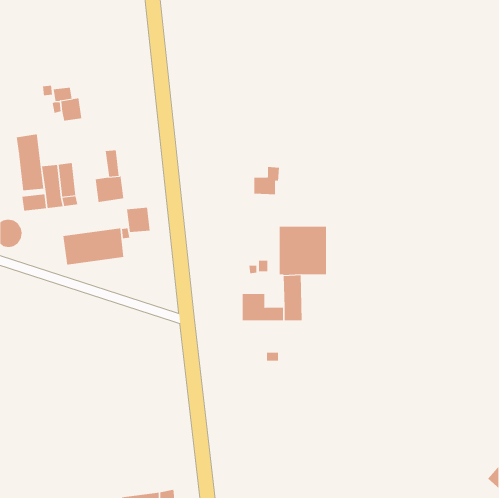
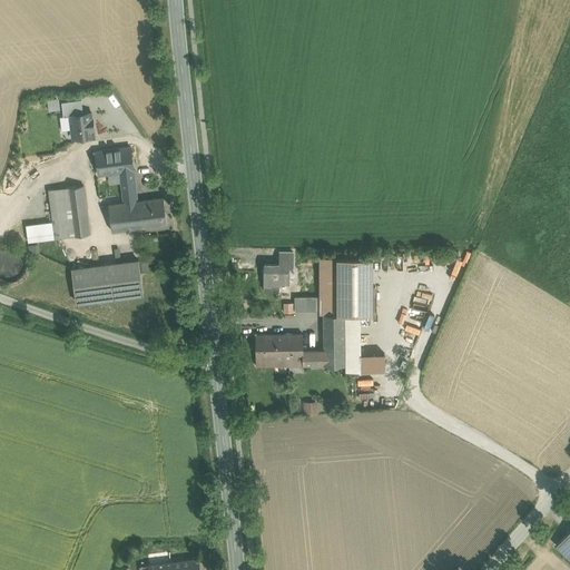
building: none -> [96,149,132,177]
building: [16,134,44,191] -> none
building: [253,166,280,195] -> [263,253,293,285]
building: [126,207,151,233] -> [138,199,166,228]
building: none -> [343,315,384,373]
building: none -> [255,336,275,361]

